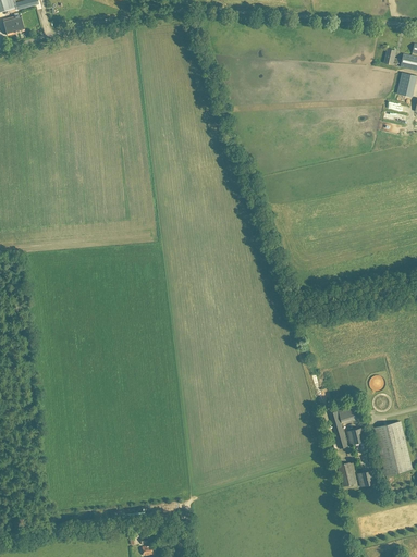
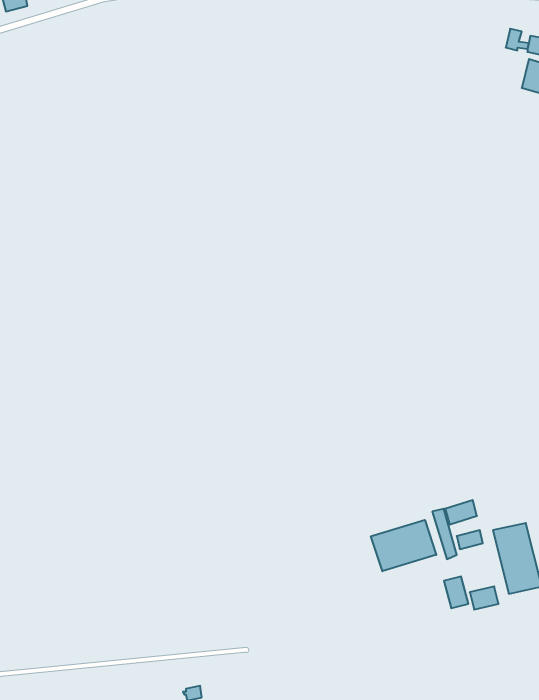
building: none -> [371,520,436,571]

